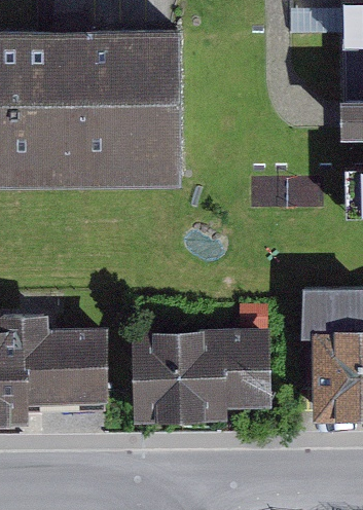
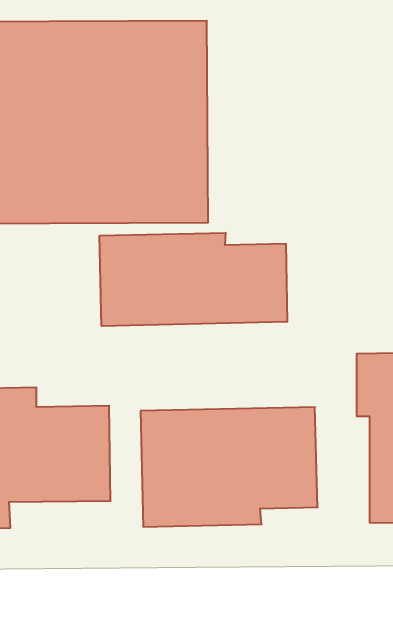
building: none -> [100,233,287,326]

